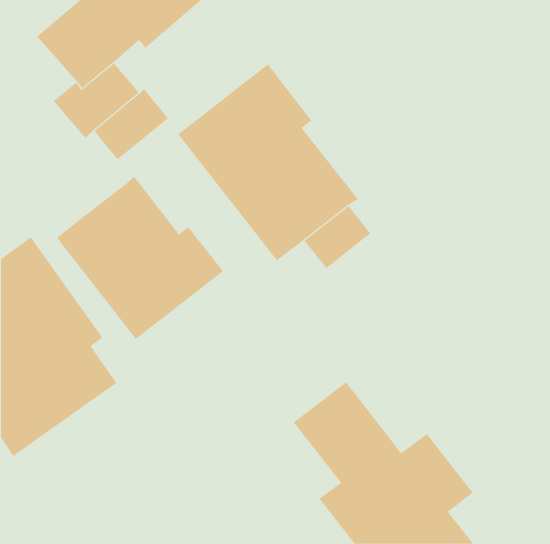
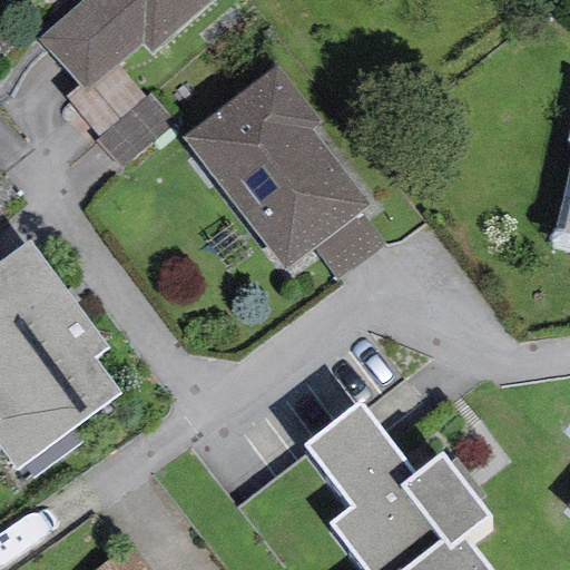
building: [56,176,224,340] -> none

